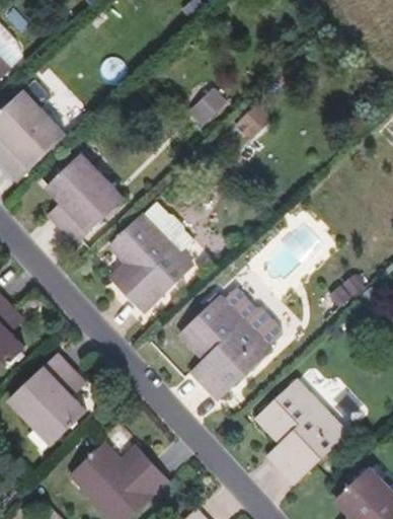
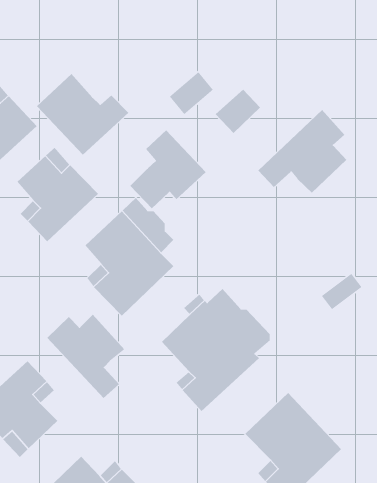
building: none -> [36,73,129,156]
building: none -> [257,109,347,194]
building: none -> [129,129,207,209]
building: none -> [46,314,125,399]

